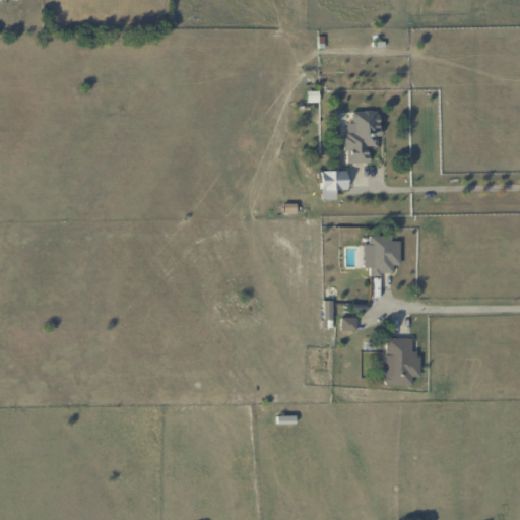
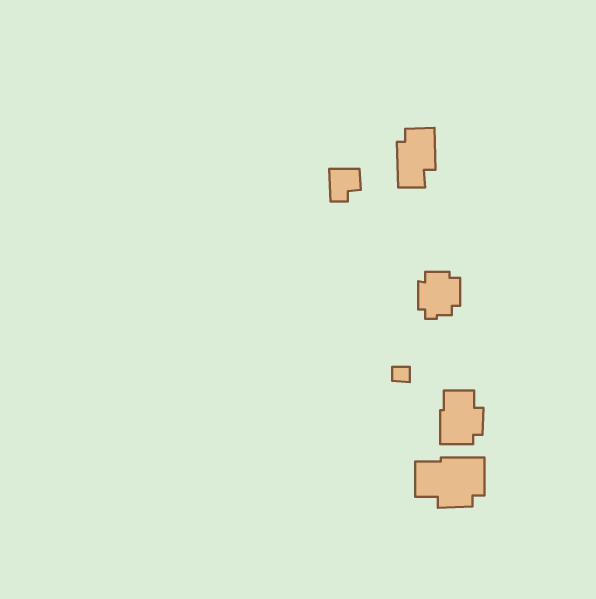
building: [321,171,348,199] -> [329,169,361,202]
building: none -> [415,458,484,508]

